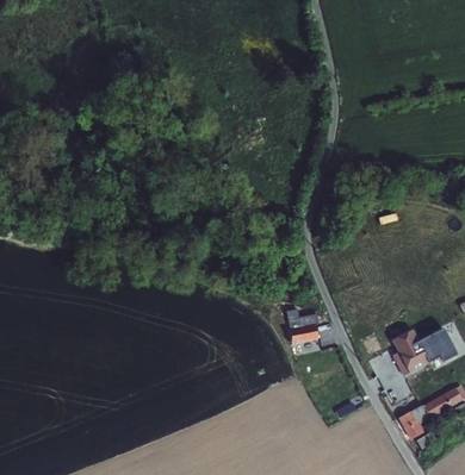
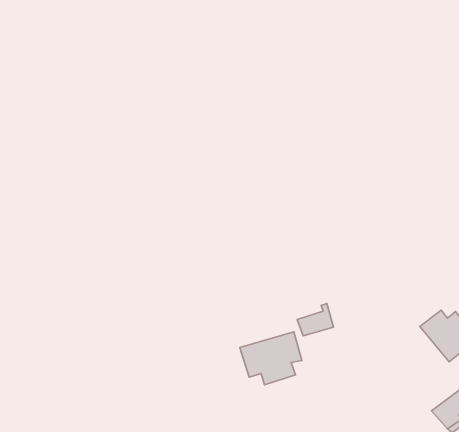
building: none -> [240,332,302,385]

